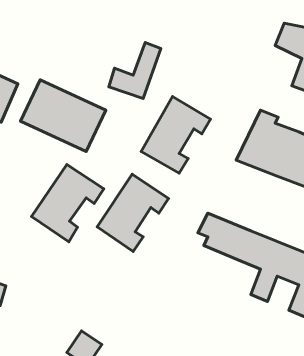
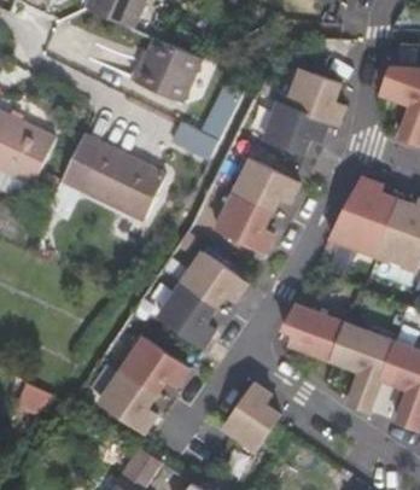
building: none -> [138,43,202,107]
building: none -> [262,66,343,151]
building: [31,164,104,242] -> [99,338,188,433]
building: none -> [223,383,278,451]

